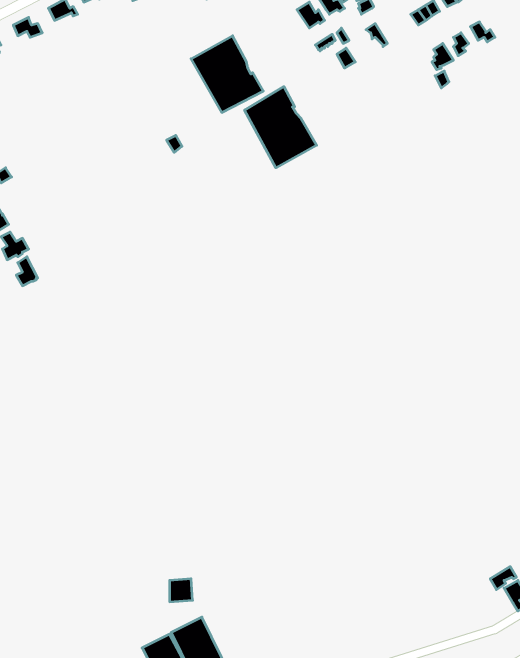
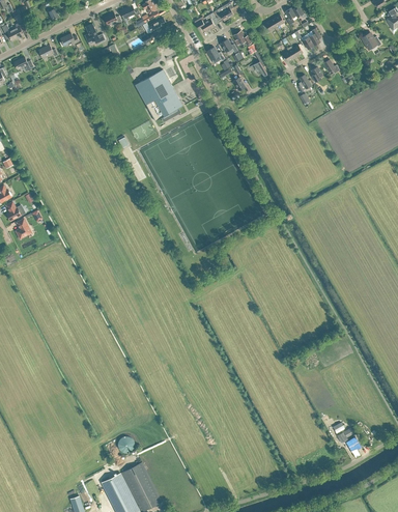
building: [245,87,317,168] -> none

